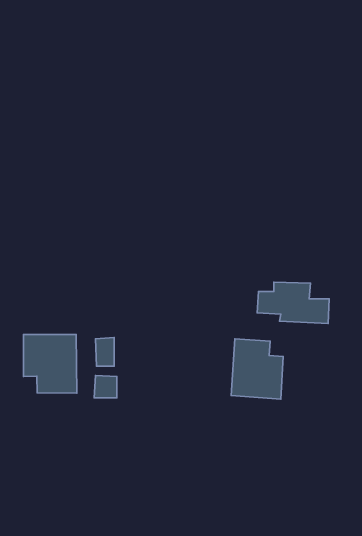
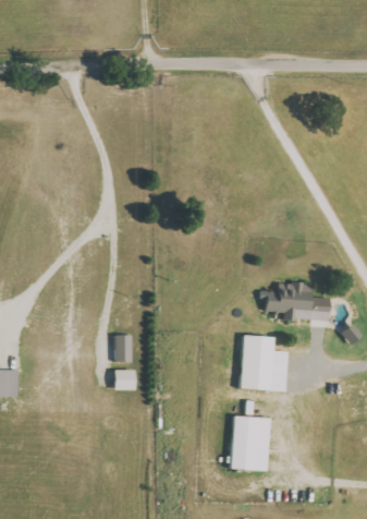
building: [23,334,77,393] -> none
building: none -> [231,415,270,470]

